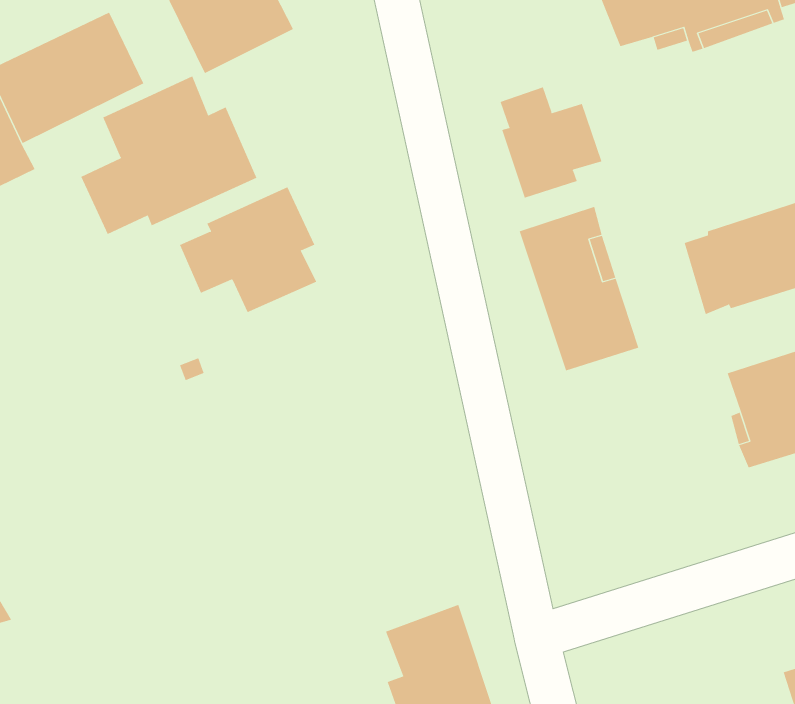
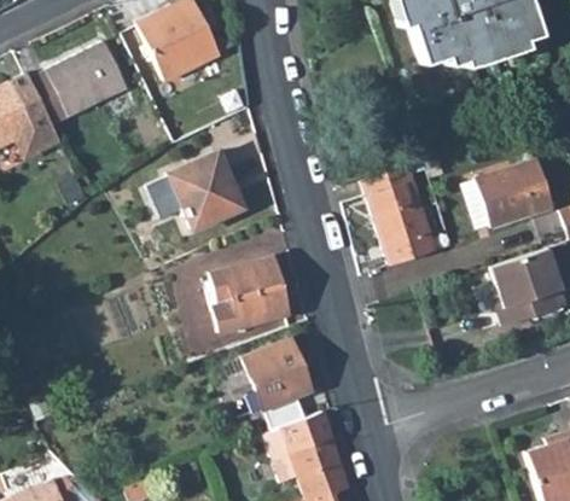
building: [80,76,257,235] -> none
building: [500,87,602,199] -> none
building: none -> [208,257,289,332]
building: none -> [244,339,313,410]

